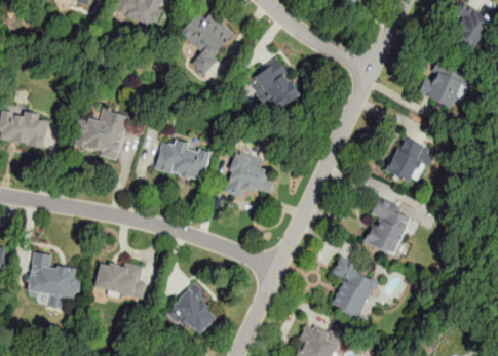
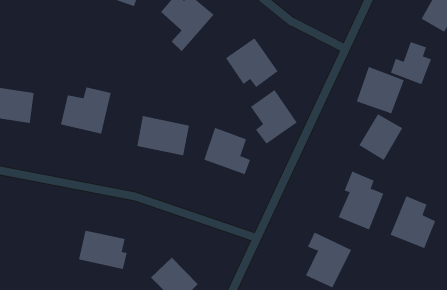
building: none -> [356,66,404,114]
building: none -> [250,89,297,145]
building: none -> [390,196,436,249]
building: [28,253,78,300] -> none

